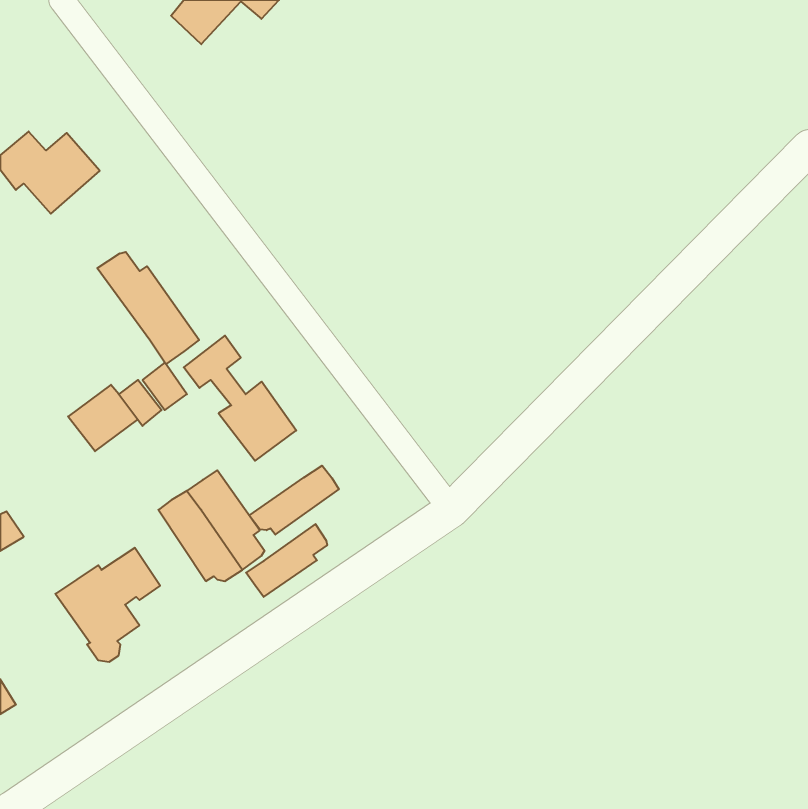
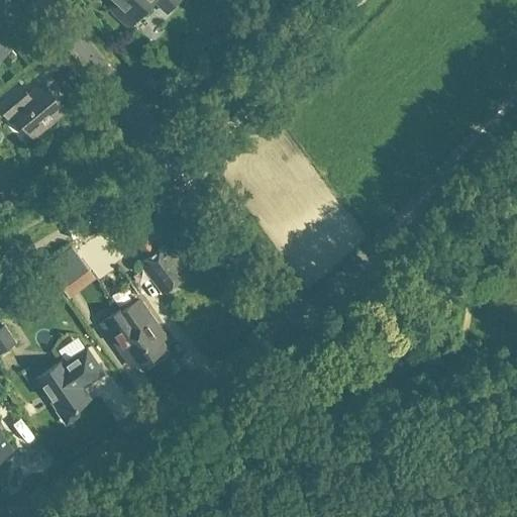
building: [97,252,199,364] -> none
building: [249,466,339,535] -> none
building: [246,524,327,597] -> none

